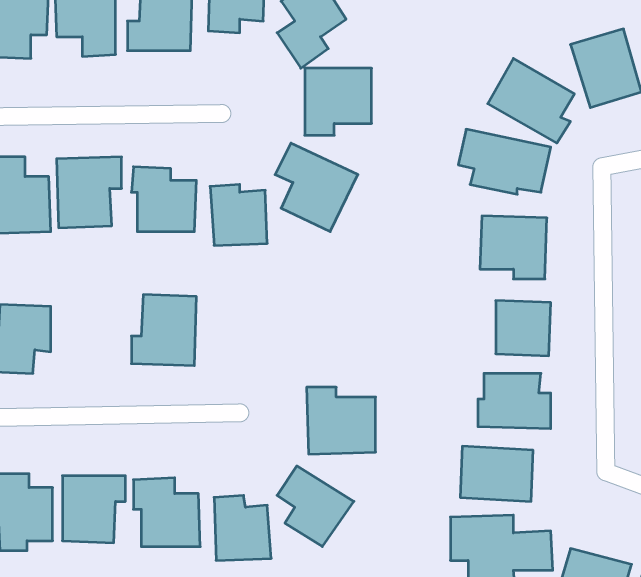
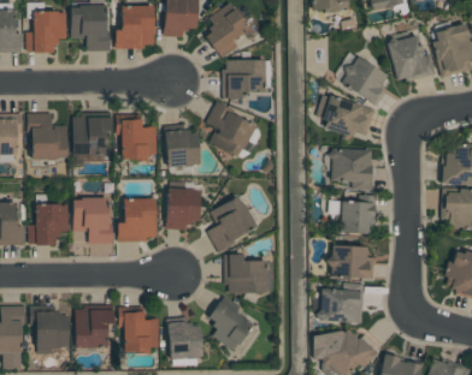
building: none -> [167,187,202,230]
building: none -> [207,196,258,251]
building: none -> [73,197,112,244]

